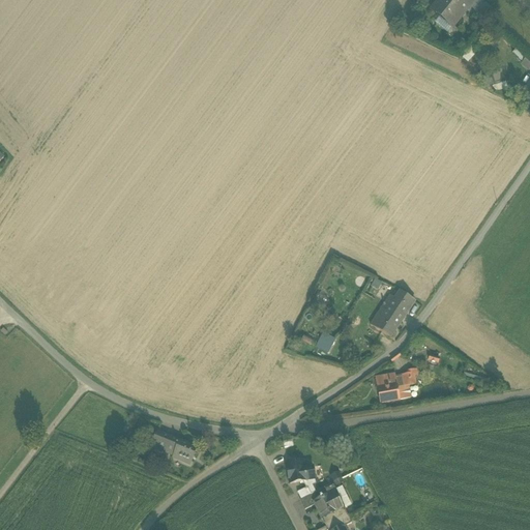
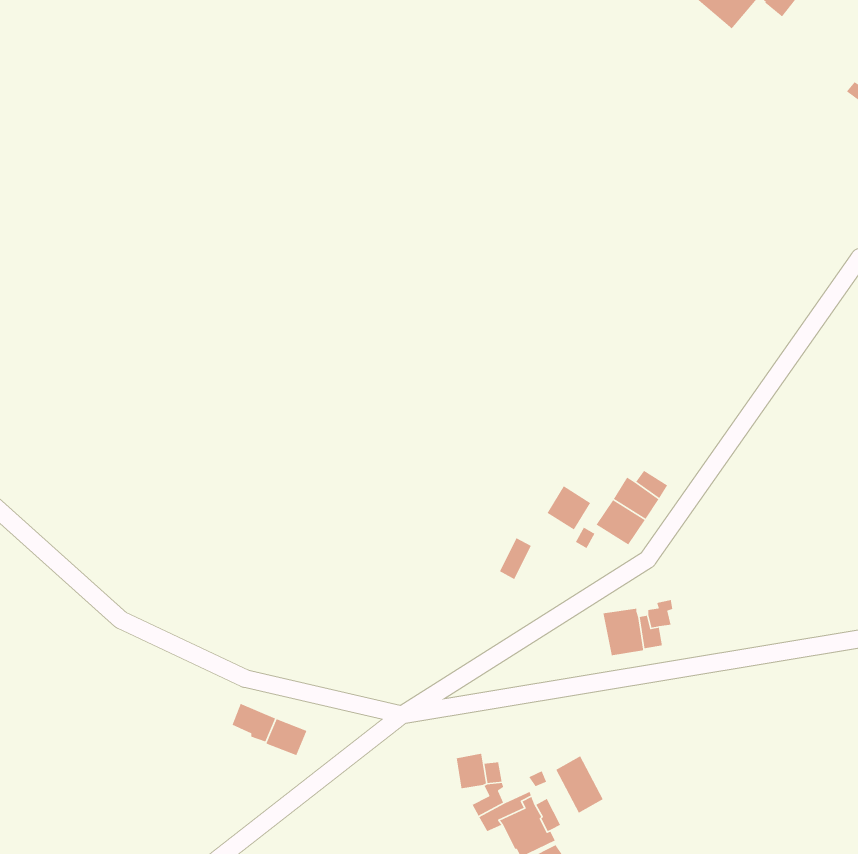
building: none -> [546,485,591,531]
building: none -> [555,755,604,814]

